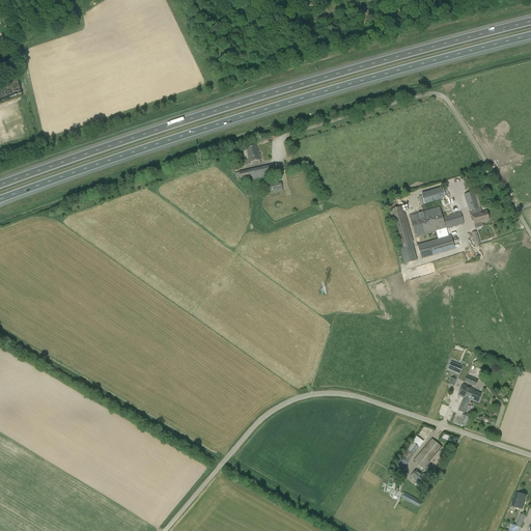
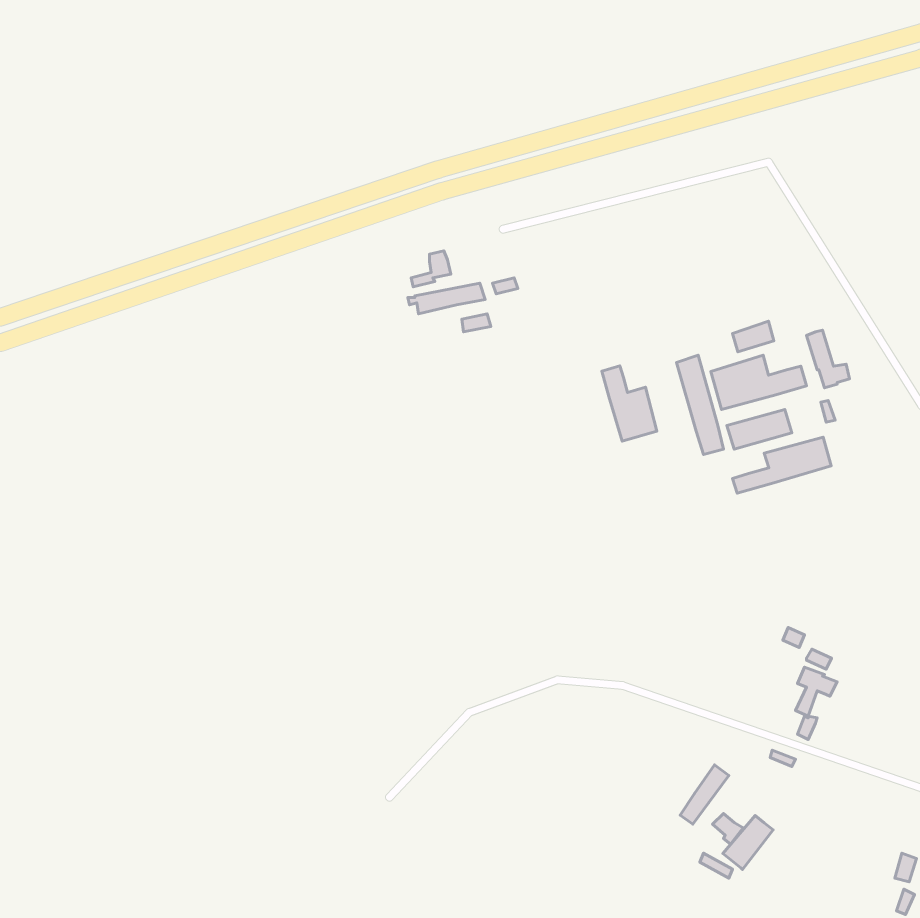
building: none -> [602,366,657,441]
building: none -> [733,437,831,493]
building: [414,437,443,468] -> [723,816,773,870]

